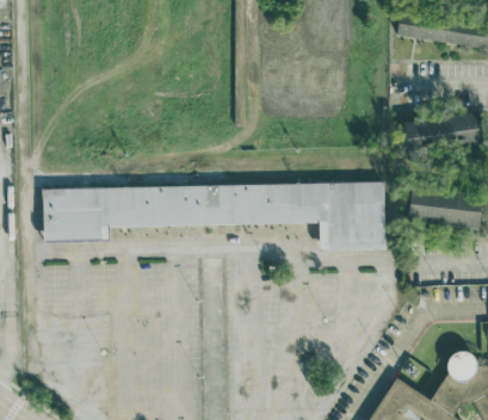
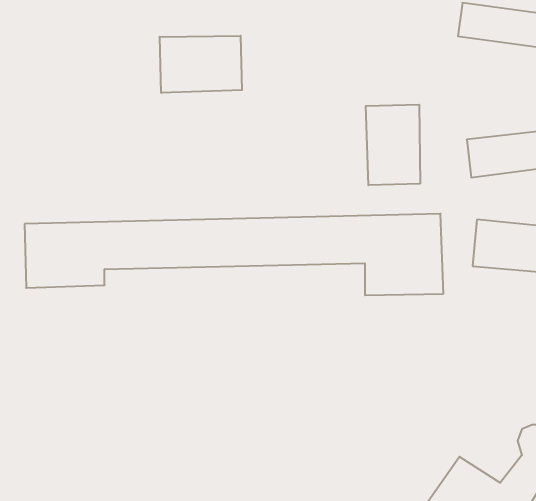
building: none -> [160,36,242,93]
building: none -> [366,105,420,185]

